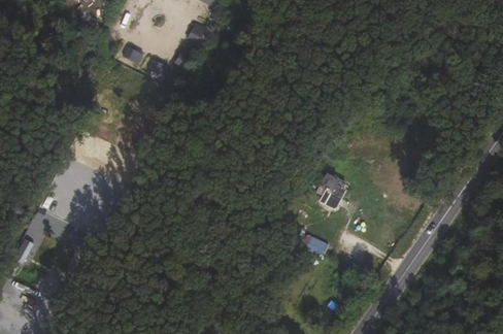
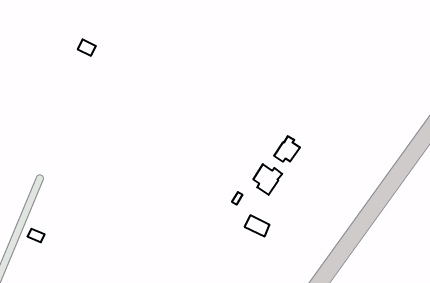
building: none -> [274,136,300,162]

